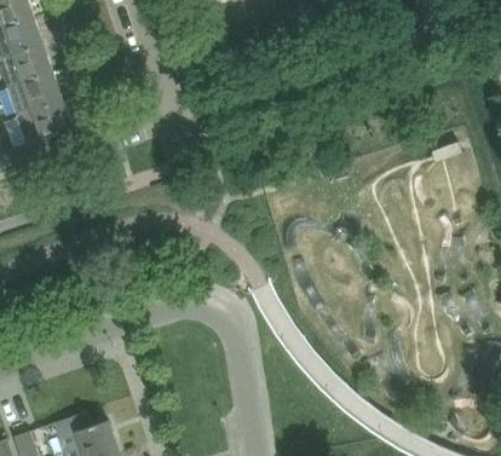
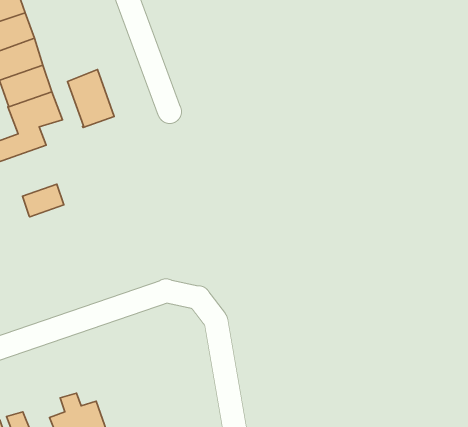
building: none -> [68,69,114,128]
building: none -> [22,184,64,217]

